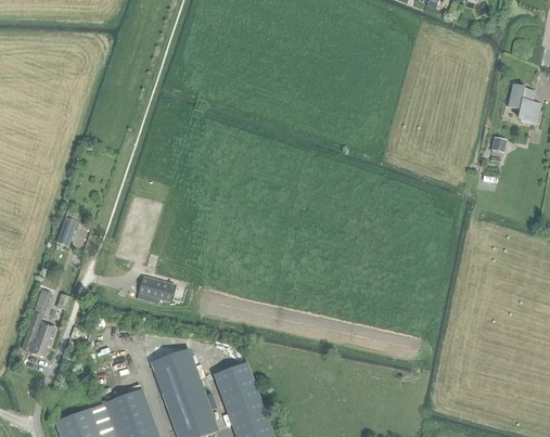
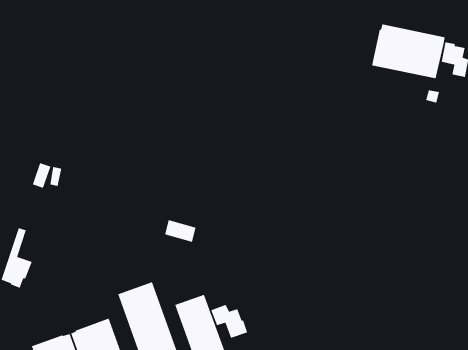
building: none -> [371,23,446,79]
building: [138,275,174,301] -> [164,219,196,243]
building: none -> [210,304,248,339]

